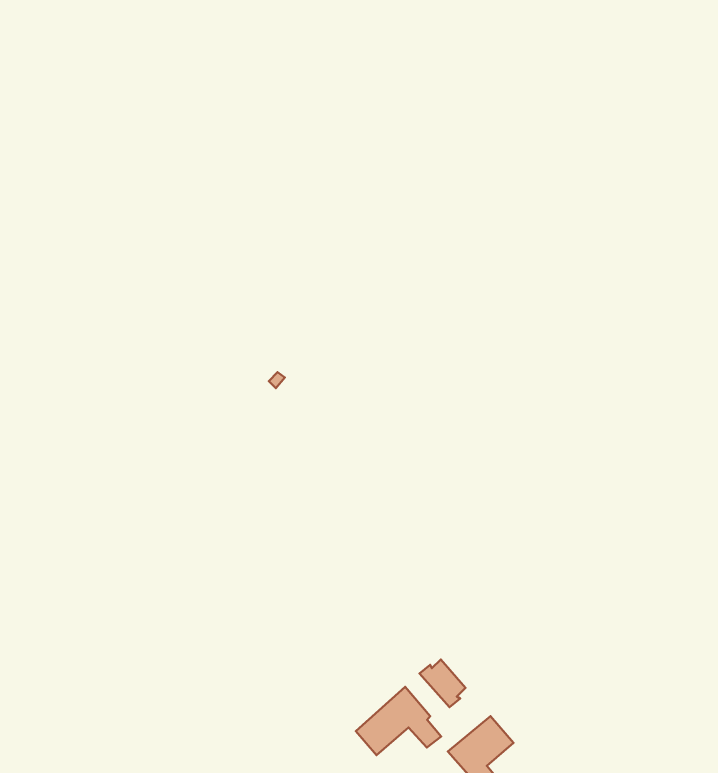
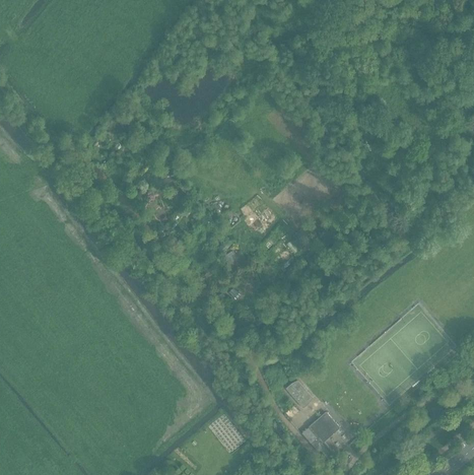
building: [356,687,441,755] -> none

